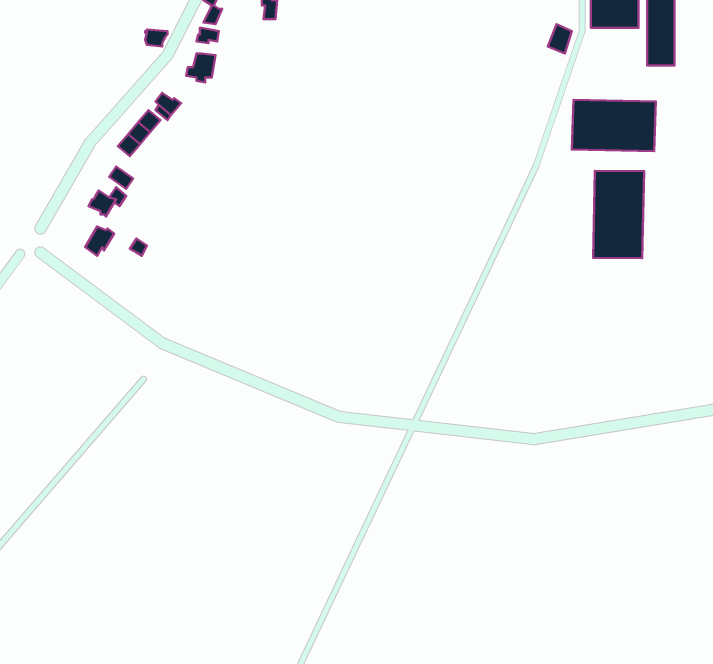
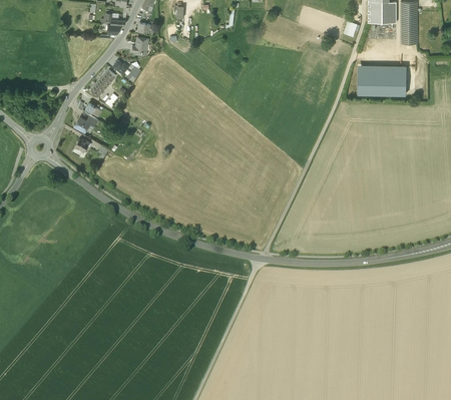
building: [593,171,644,258] -> none

